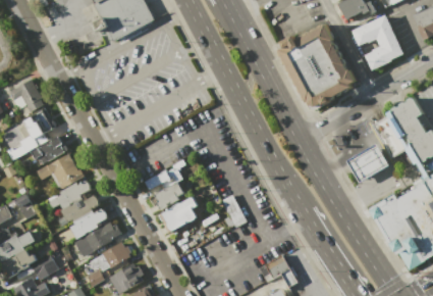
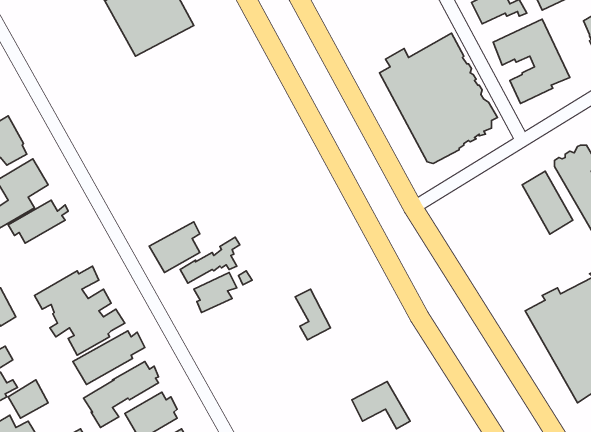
building: [346,144,389,183] -> none
building: [36,152,85,190] -> none
building: [162,197,196,231] -> [149,222,200,272]

